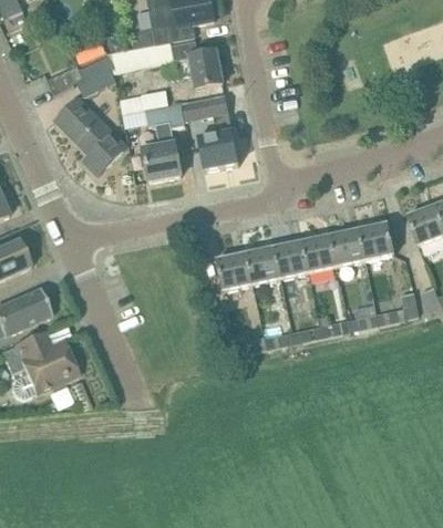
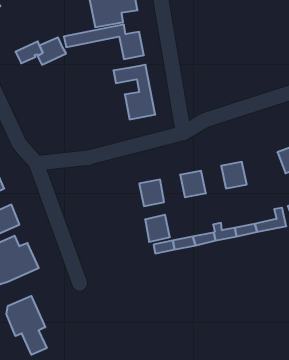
building: [119,89,184,180] -> none
building: [54,96,125,174] -> none
building: [358,222,393,260] -> none
building: [301,235,336,272] -> none
building: [245,247,279,284] -> [145,215,170,242]
building: none -> [6,296,47,355]

